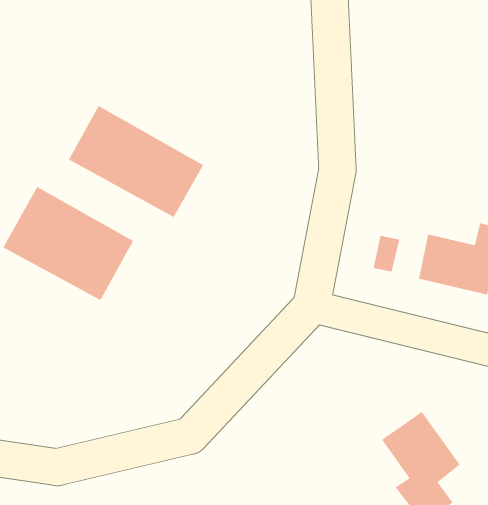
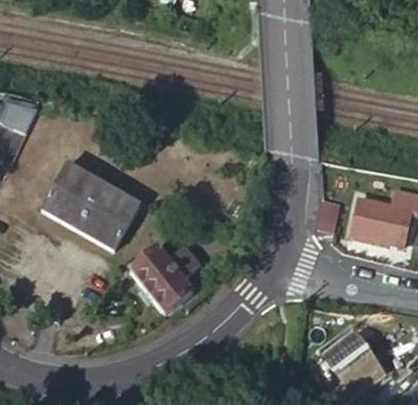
building: [68,105,204,218] -> none
building: none -> [131,248,201,314]

